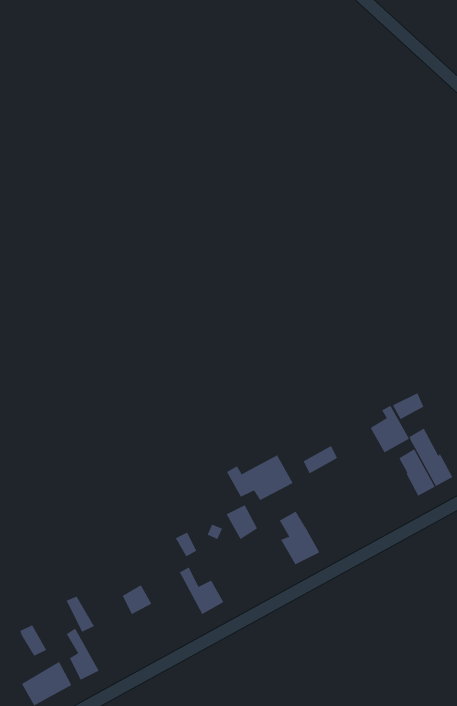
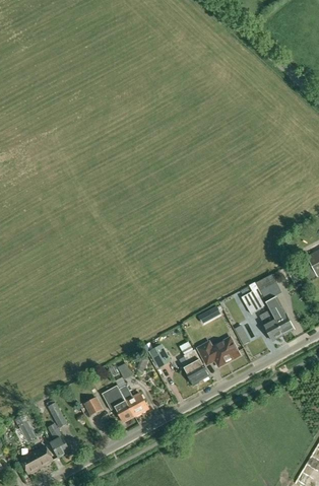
building: [226,454,293,501] -> [198,338,241,367]
building: none -> [104,386,135,422]

